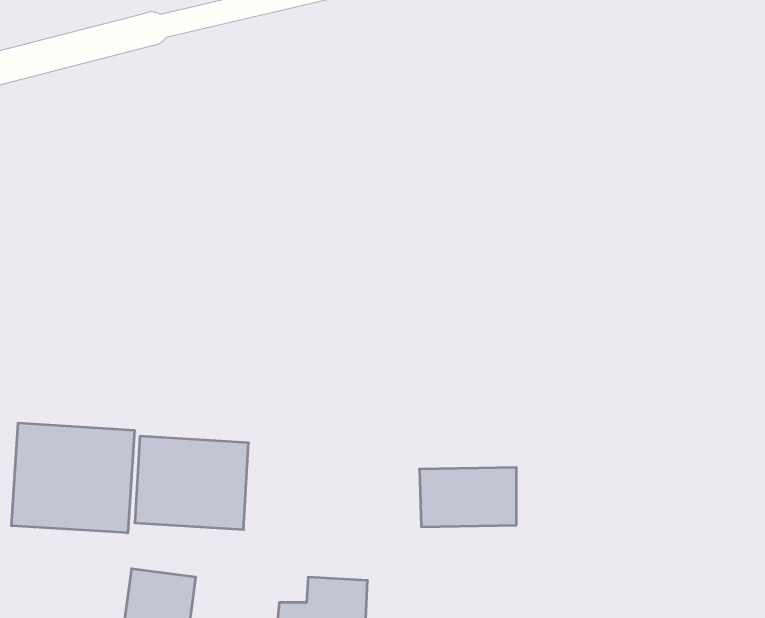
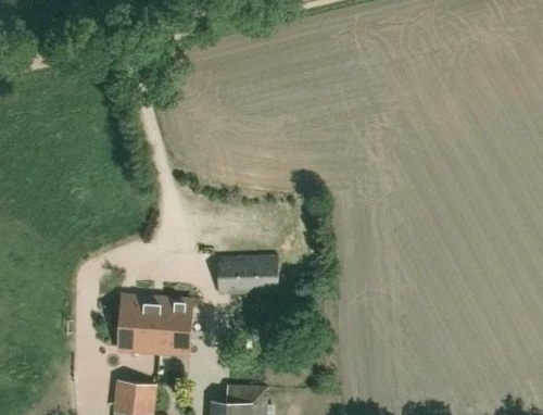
building: [11,423,134,533] -> none
building: [419,467,516,527] -> [216,254,278,292]

